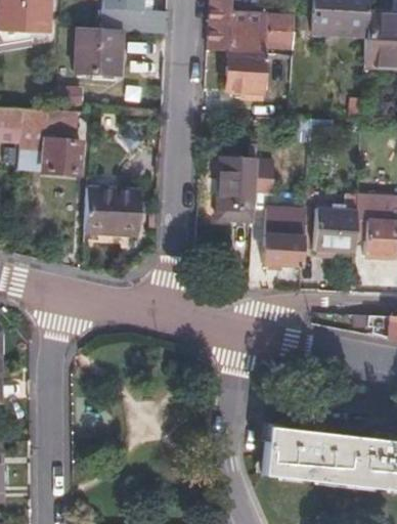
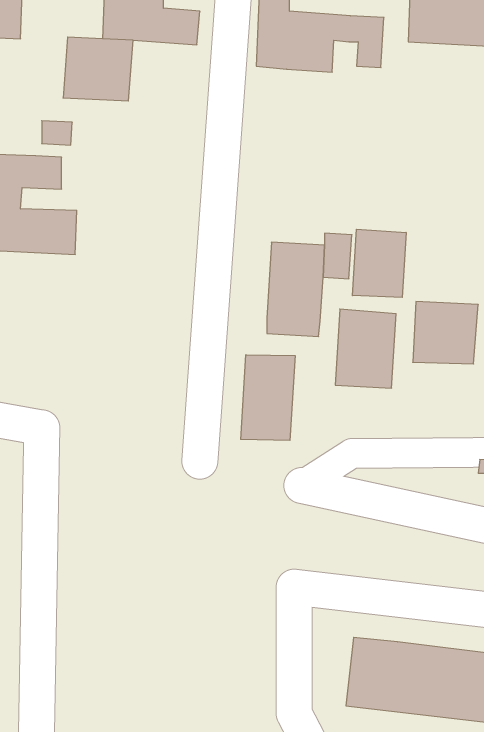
building: [225,48,258,88] -> none
building: none -> [352,229,406,297]
building: [87,186,139,232] -> none
building: none -> [241,355,295,440]

